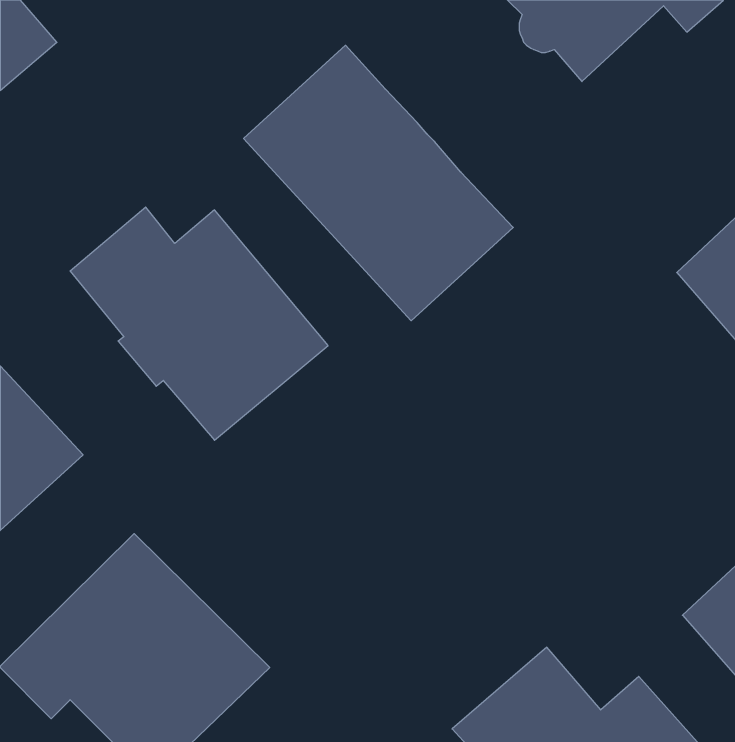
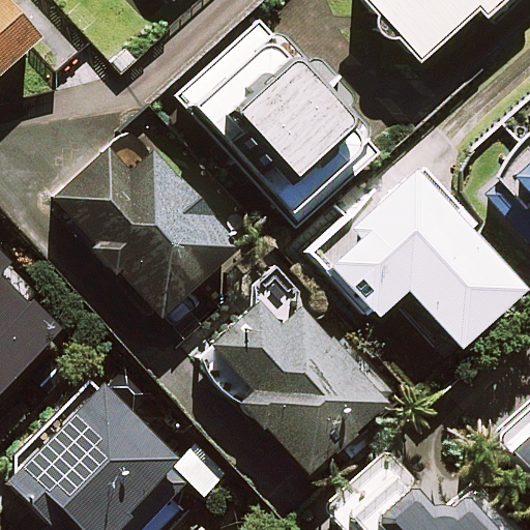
building: none -> [314,163,524,342]
building: none -> [198,265,387,472]

